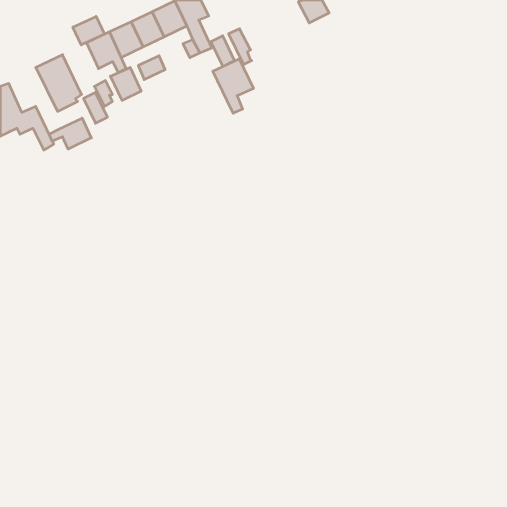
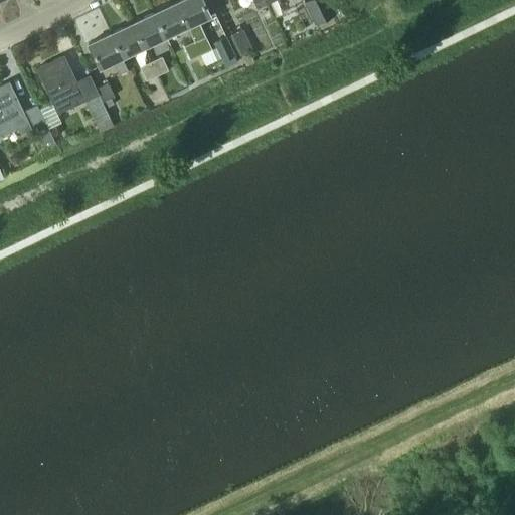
building: [73,16,104,45] -> none
building: [213,59,253,113] -> none
building: [110,67,141,100] -> none
building: [49,118,91,149] -> none

